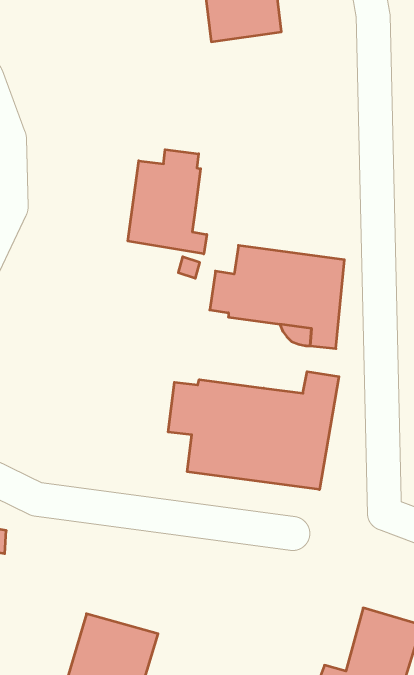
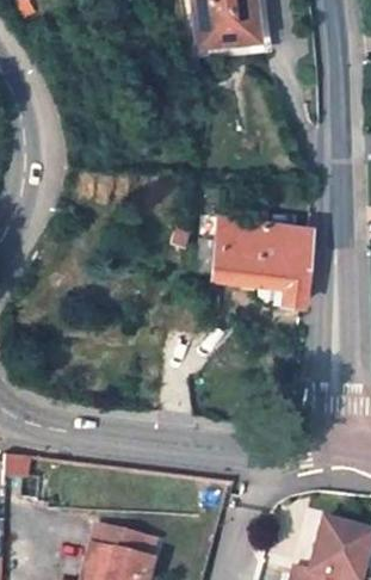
building: [128,150,207,254] -> none
building: [168,372,339,490] -> none

